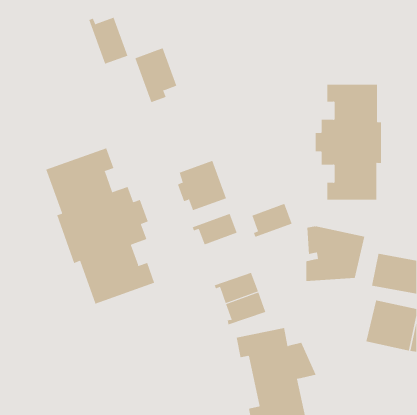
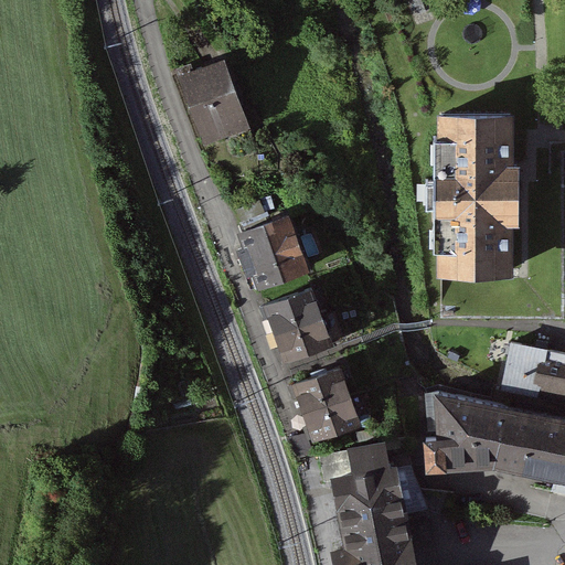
building: [88,17,128,64] -> none
building: [46,147,155,305] -> none
building: [252,203,292,238] -> [276,318,331,364]
building: [306,226,365,282] -> [427,394,508,469]

